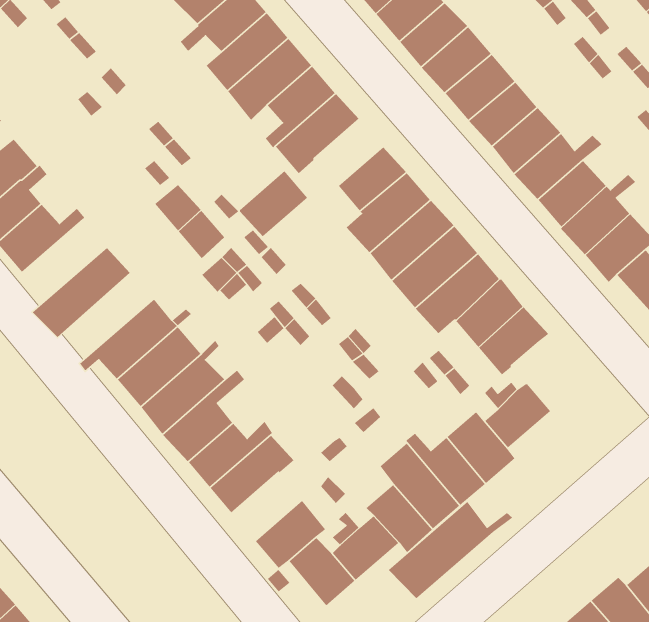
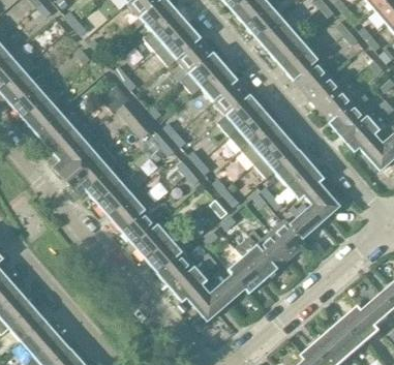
building: [239,170,308,237] -> [200,65,236,100]
building: none -> [47,118,91,166]
building: none -> [65,146,116,193]
building: none -> [303,182,338,218]
building: none -> [156,250,193,286]
building: [388,501,513,599] -> none

